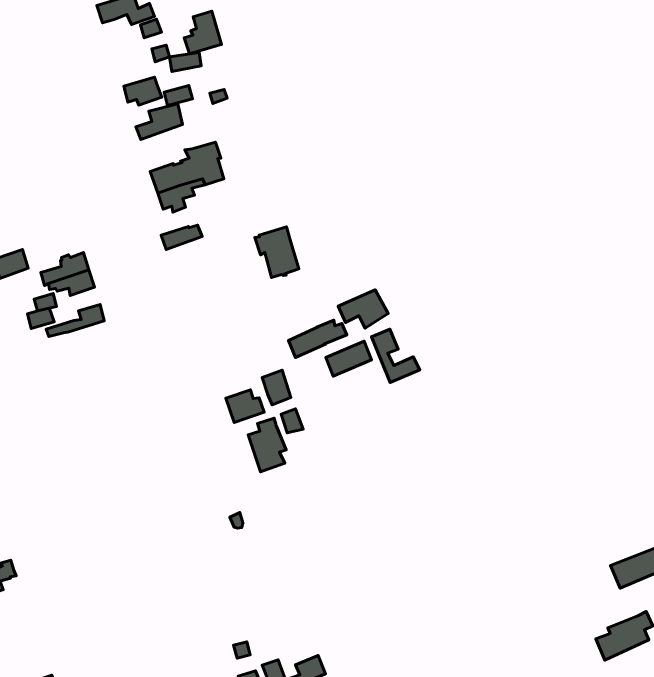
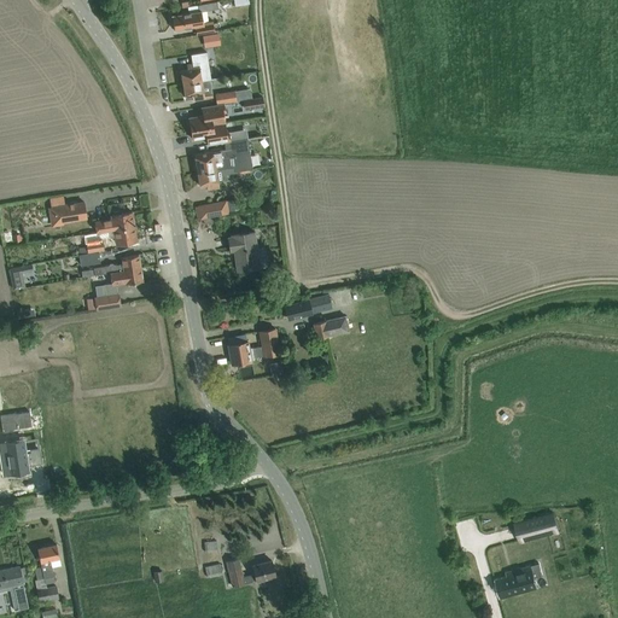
building: [184,11,221,54] -> [181,52,210,83]
building: none -> [191,121,231,145]
building: [255,227,299,277] -> [228,232,260,270]
building: [338,290,388,328] -> none
building: none -> [94,268,142,309]
building: [372,329,420,382] -> none
building: [248,418,286,472] -> none

